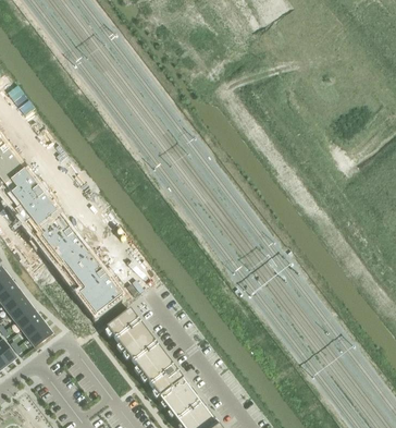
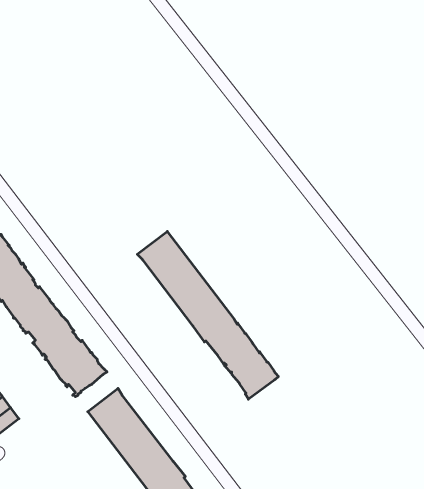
building: none -> [137,231,278,399]

